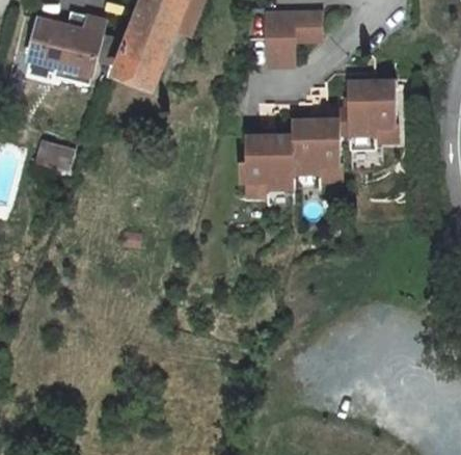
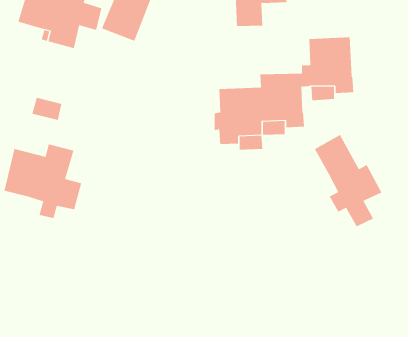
building: none -> [314,134,382,227]
building: none -> [4,143,82,219]

